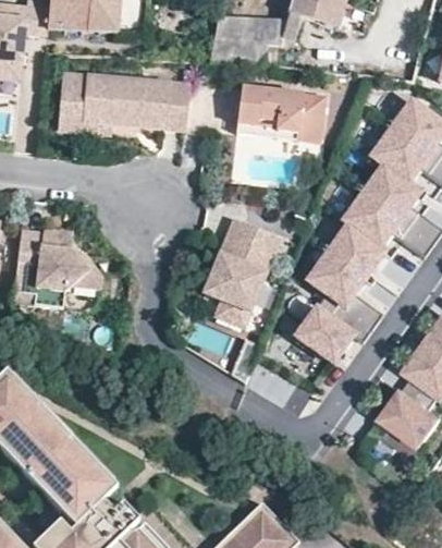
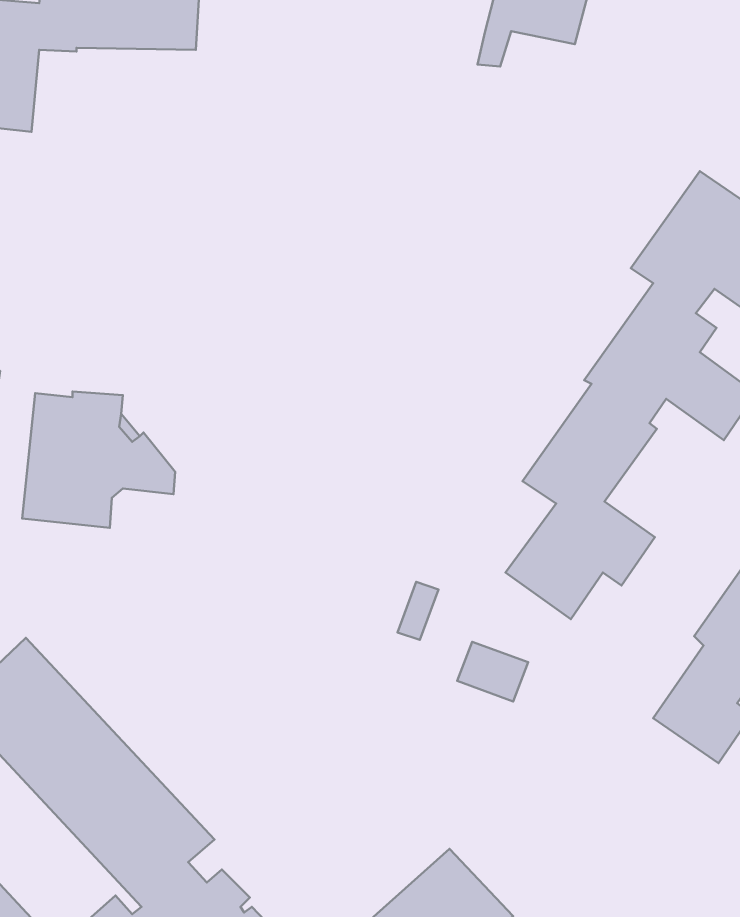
building: [208,16,284,63] -> none
building: [61,78,189,133] -> none
building: [231,86,318,143] -> none
building: [200,217,279,310] -> none

